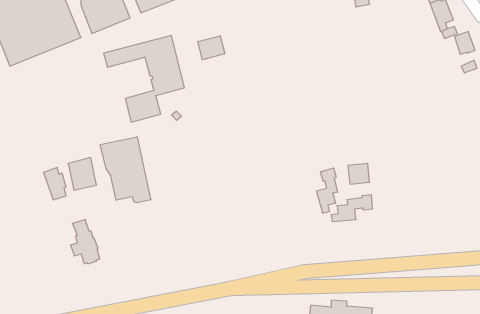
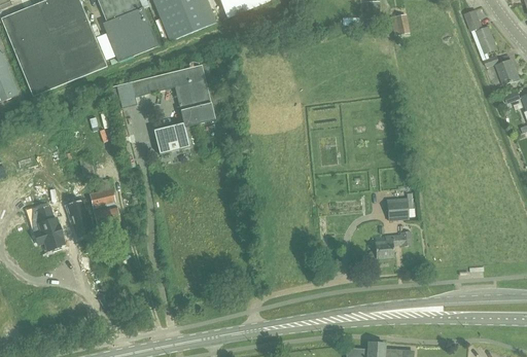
building: [198,36,225,60] -> none
building: [100,137,151,203] -> none
building: [316,168,338,213] -> none
building: [70,219,100,264] -> [33,204,64,250]

